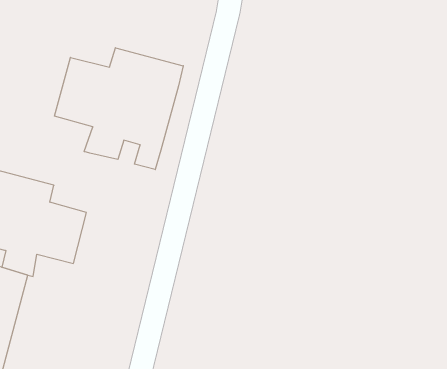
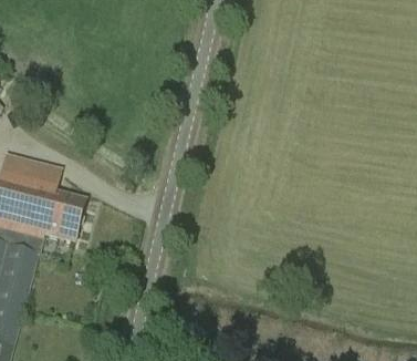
building: [54,48,183,170] -> none

